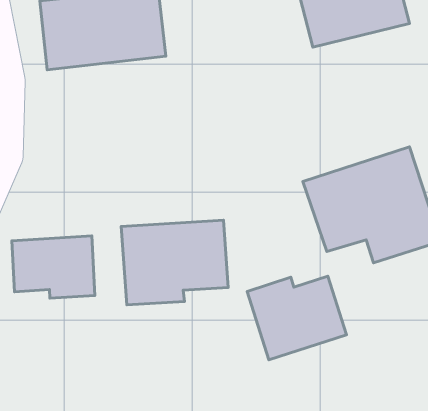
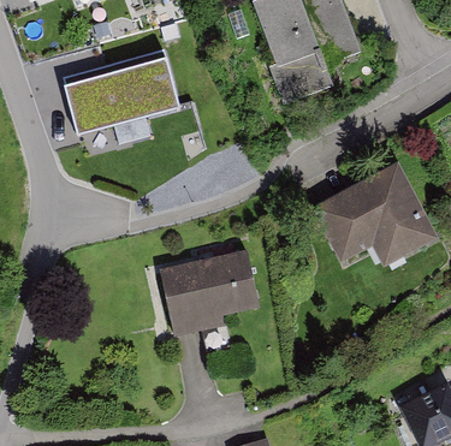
building: [12,236,95,298] -> none
building: [247,276,347,360] -> none

